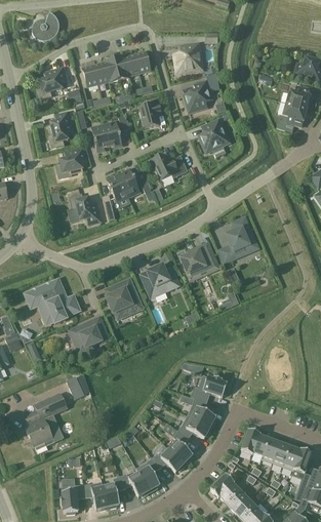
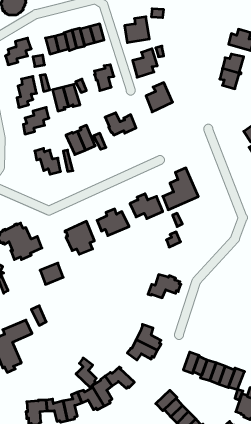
building: [191,374,229,401] -> [148,275,181,298]
building: [169,430,193,464] -> [76,358,96,387]

